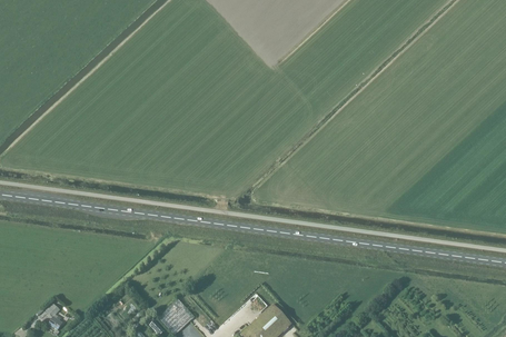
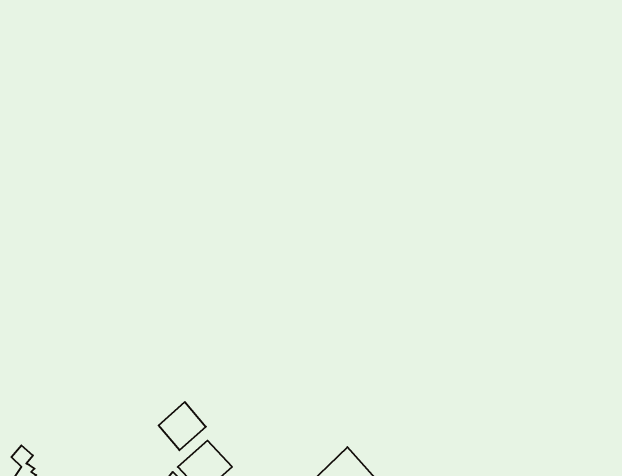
building: none -> [159,402,206,450]

